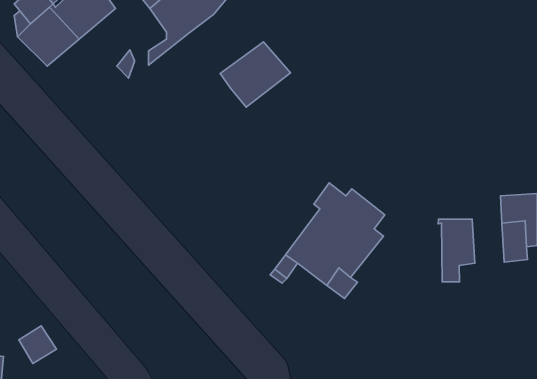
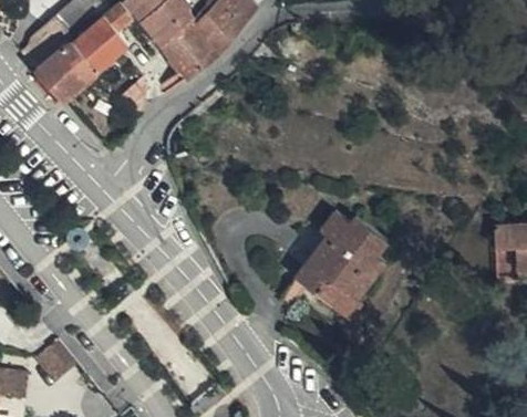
building: [220,42,290,107] -> none
building: [438,219,475,282] -> none

